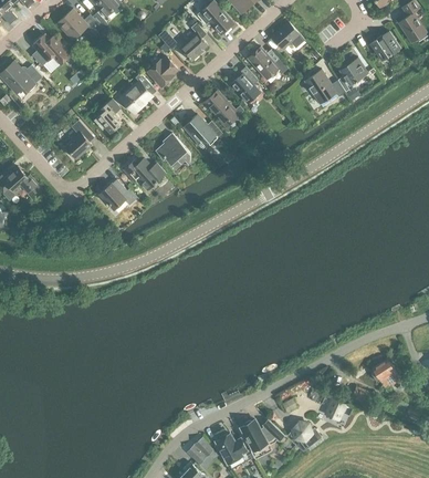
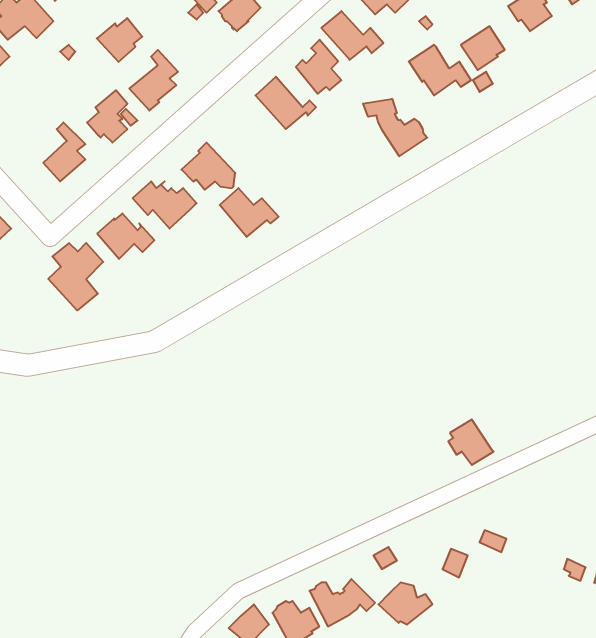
building: [147,56,177,85] -> [97,18,142,62]
building: none -> [363,99,427,156]
building: [184,114,222,146] -> [220,188,279,237]
building: none -> [48,243,103,310]
building: [369,357,399,387] -> [448,419,494,465]

